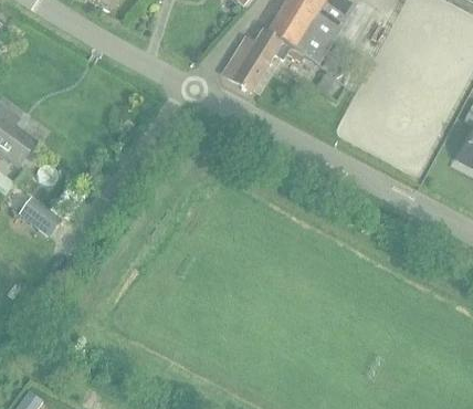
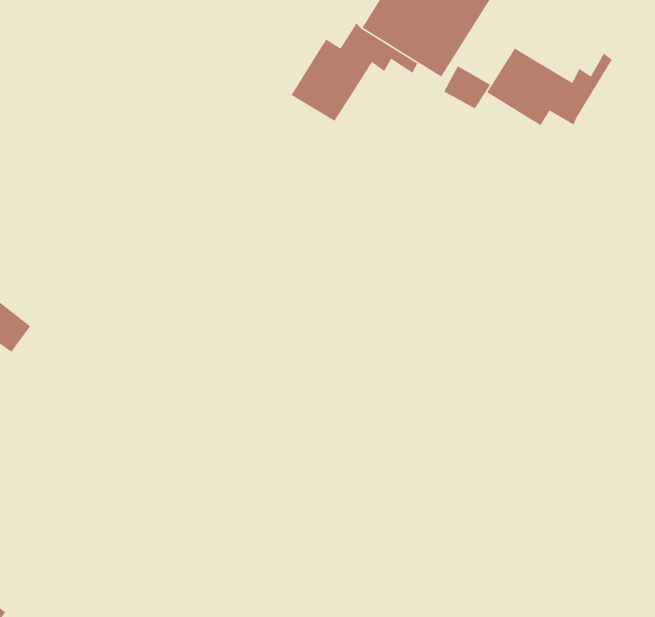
building: none -> [486,47,613,126]

